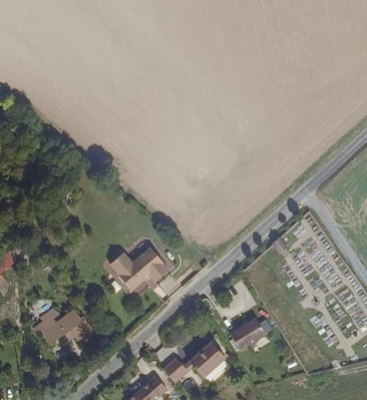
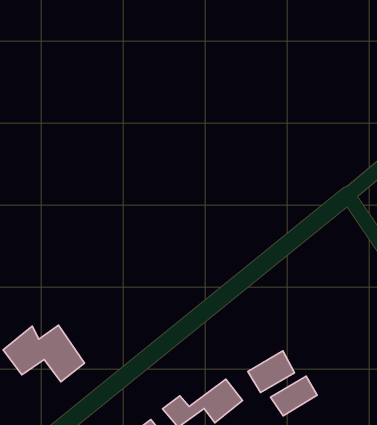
building: [109,248,169,292] -> none
building: none -> [270,376,317,416]

